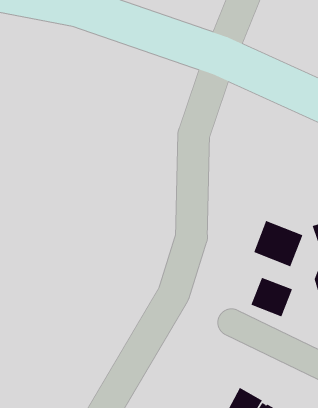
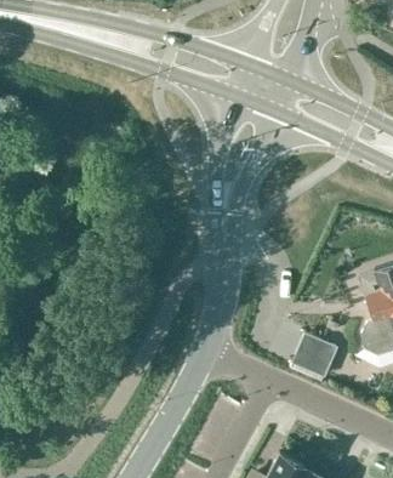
building: [253,220,303,267] -> none

